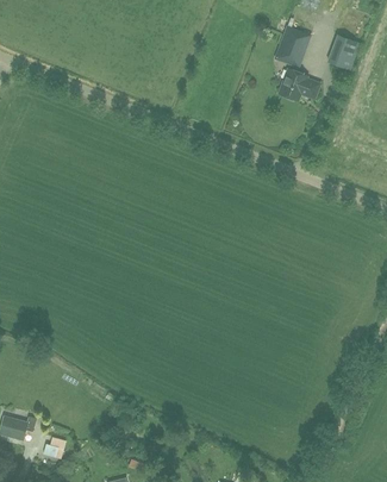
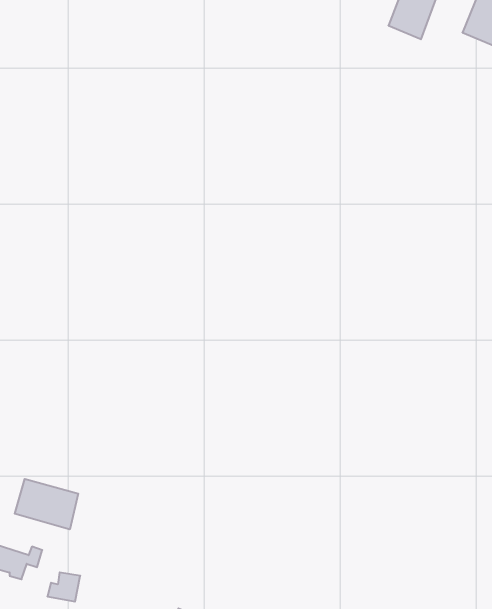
building: [279,69,319,100] -> none
building: none -> [15,479,78,529]

